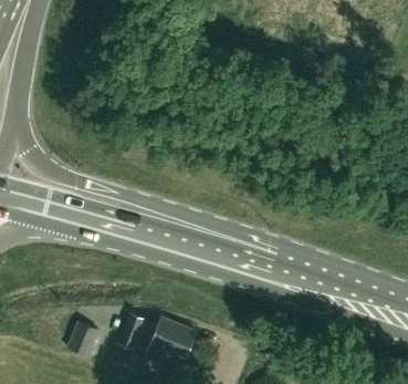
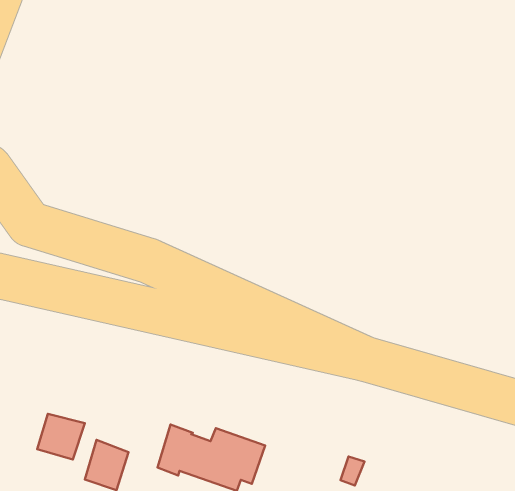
building: none -> [37,414,85,459]

